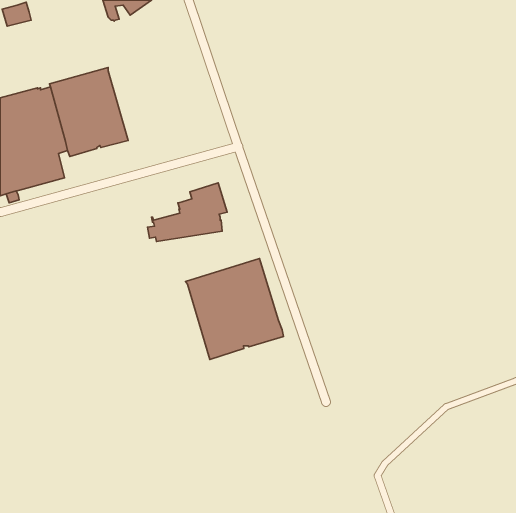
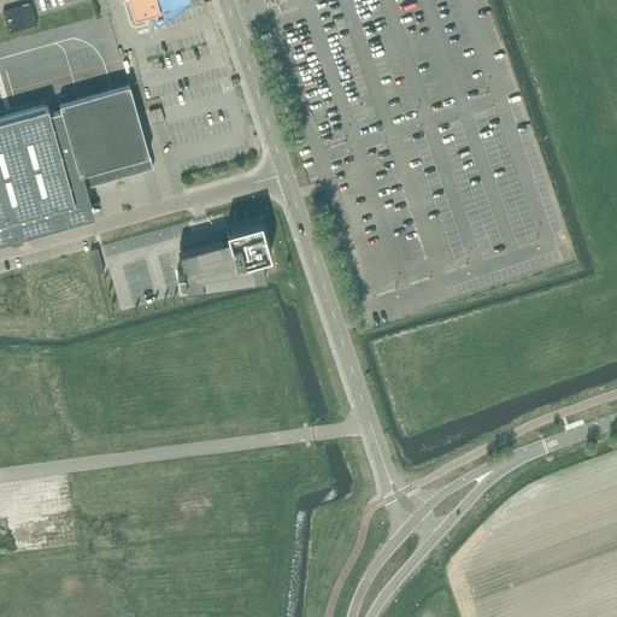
building: [186,259,284,360] -> none

